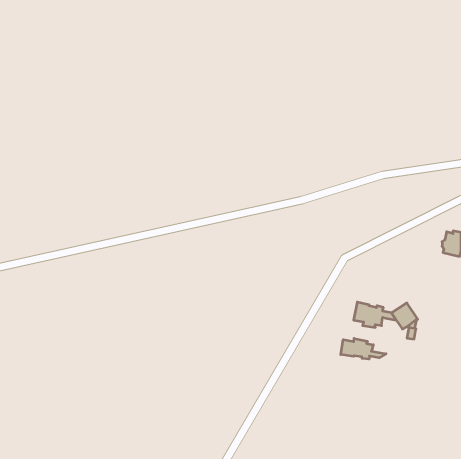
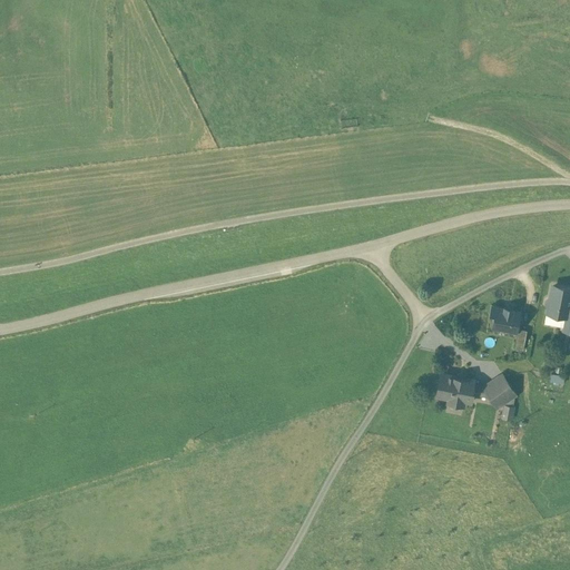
building: none -> [490,306,521,334]
building: [341,338,386,359] -> none

